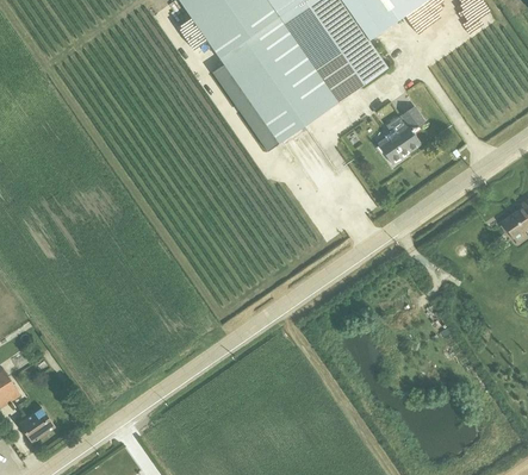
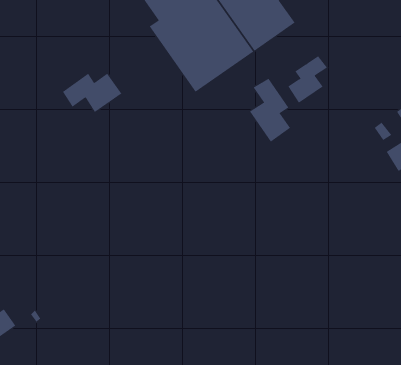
building: none -> [62,73,122,113]
building: none -> [249,78,291,143]

